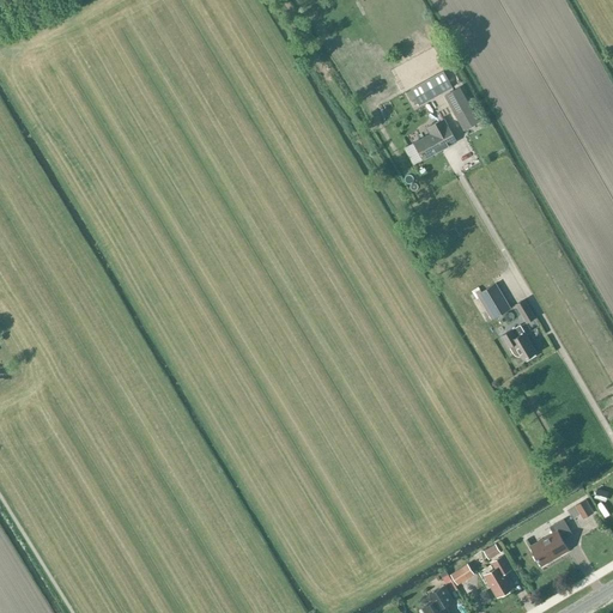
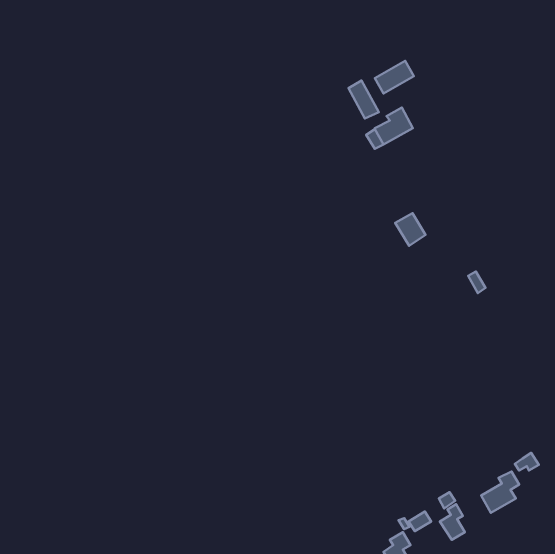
building: [444,89,478,131] -> [348,81,379,119]
building: [477,285,510,321] -> [395,213,426,246]
building: [502,326,536,360] -> none

